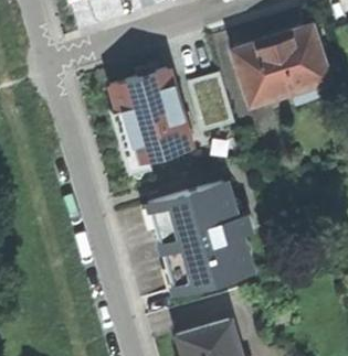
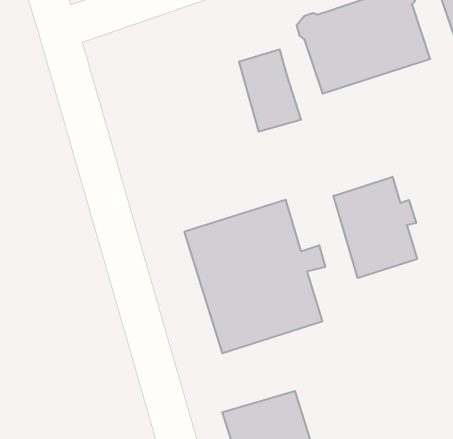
building: [114,69,190,161] -> none
building: none -> [333,177,417,278]

